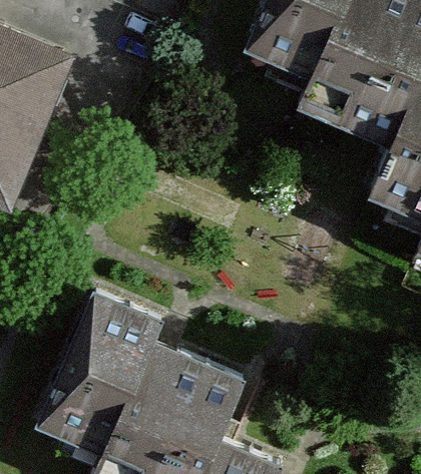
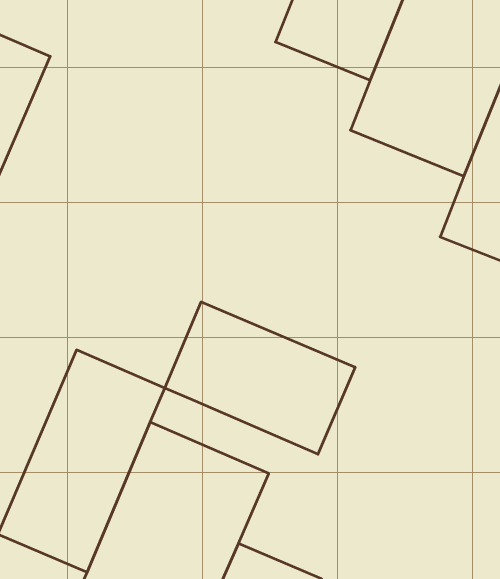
building: none -> [165,302,355,454]

